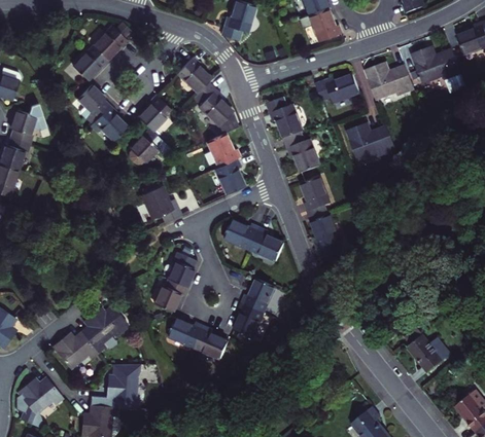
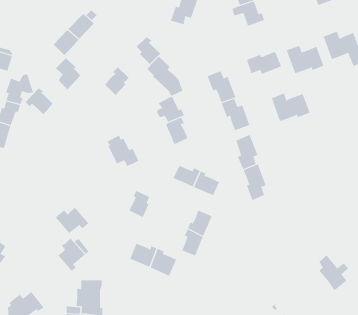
building: [91,105,127,140] -> [25,87,53,115]
building: [130,128,163,161] -> none
building: [153,276,186,307] -> none
building: [53,332,96,366] -> [55,207,89,234]

